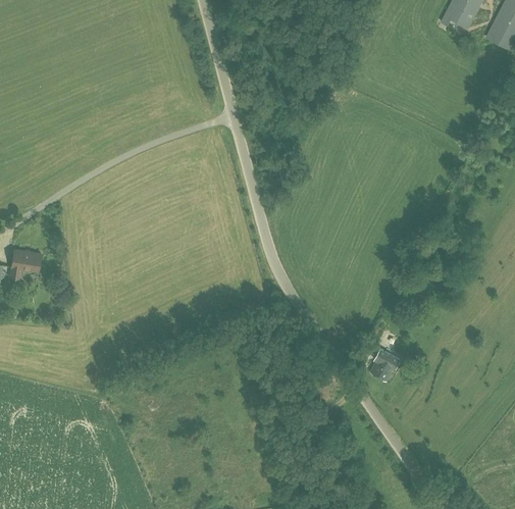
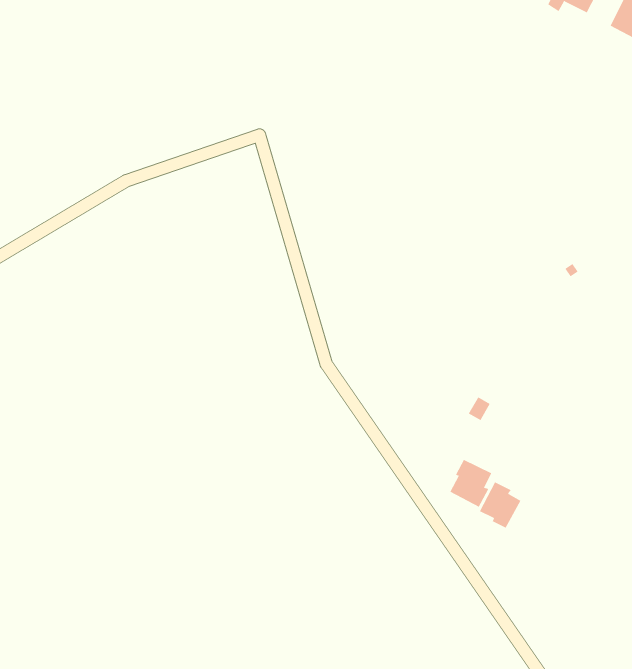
building: none -> [479,482,521,528]

